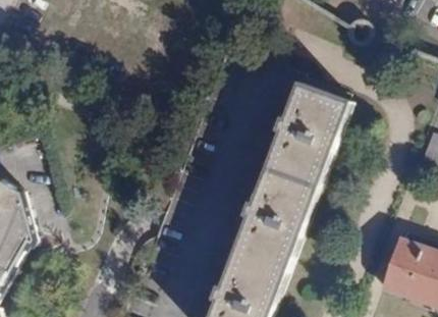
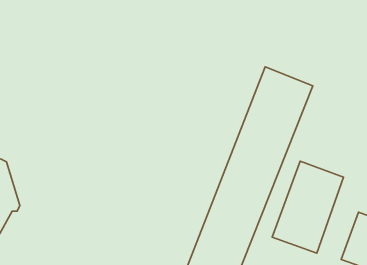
building: none -> [272,161,344,253]

